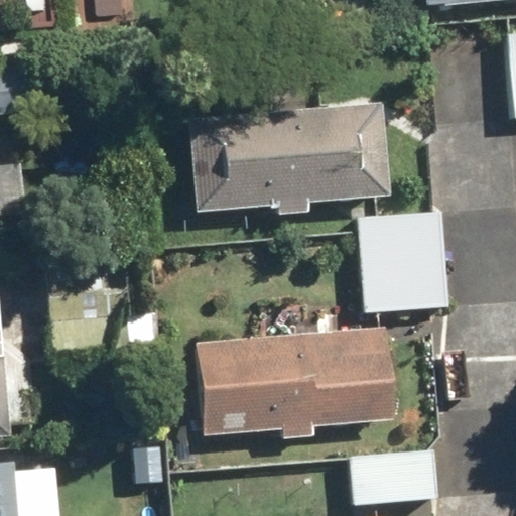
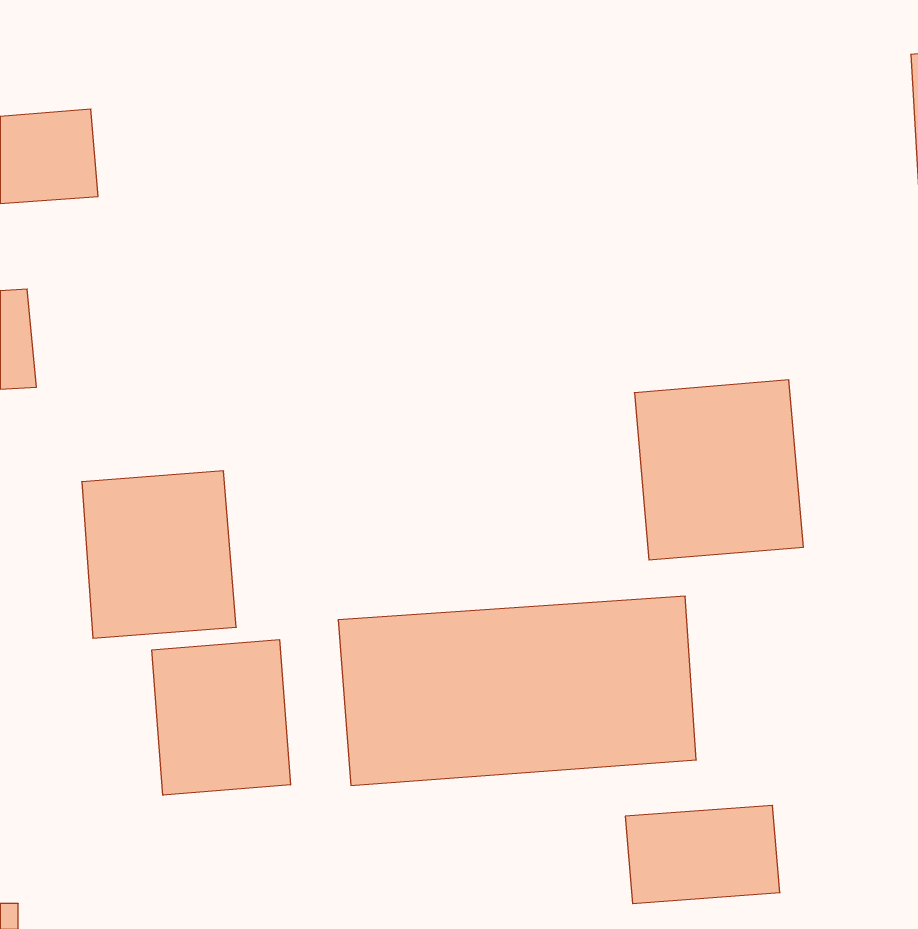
building: [187,102,388,213] -> none
building: none -> [152,640,290,795]

